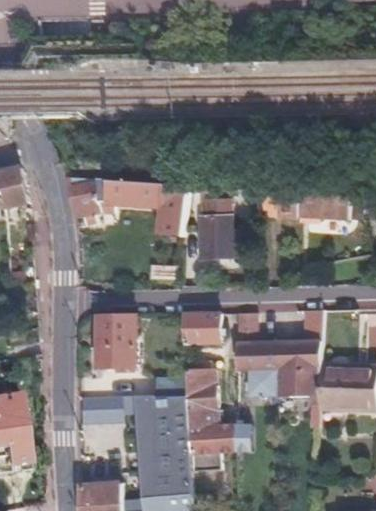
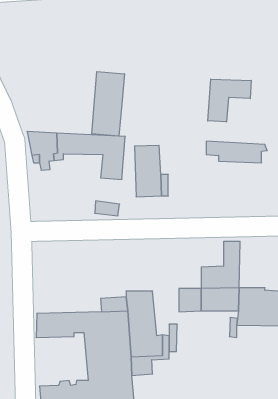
building: none -> [92,72,124,136]
building: none -> [208,79,251,122]
building: [181,314,220,344] -> none
building: [93,316,135,369] -> none
building: [235,320,275,368] -> none

